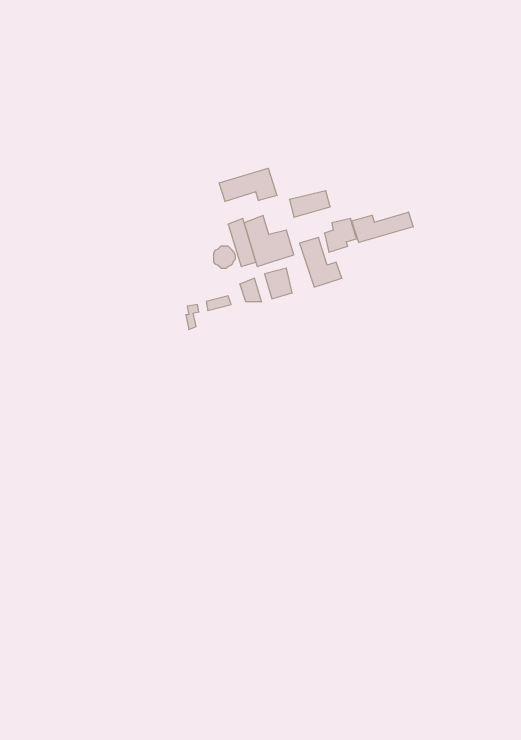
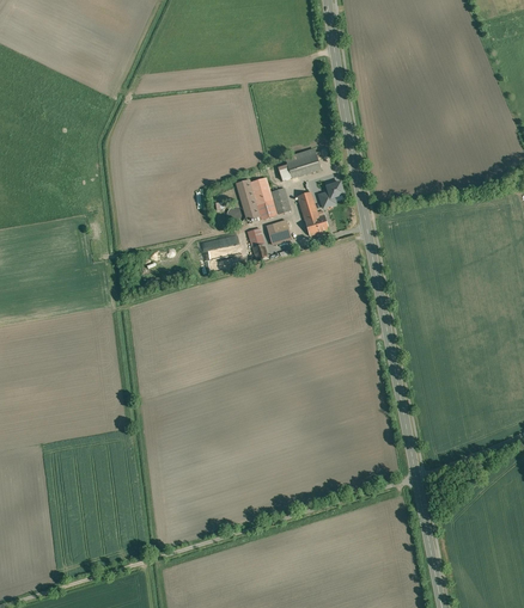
building: [219,168,277,202] -> none
building: [352,212,413,243] -> none

